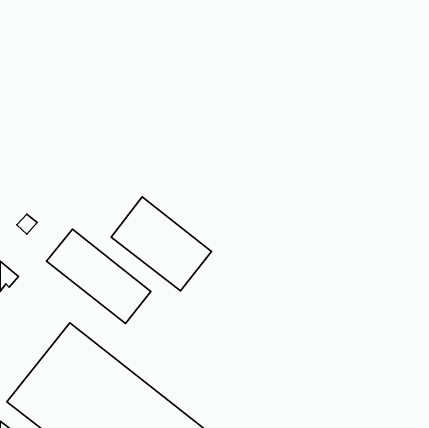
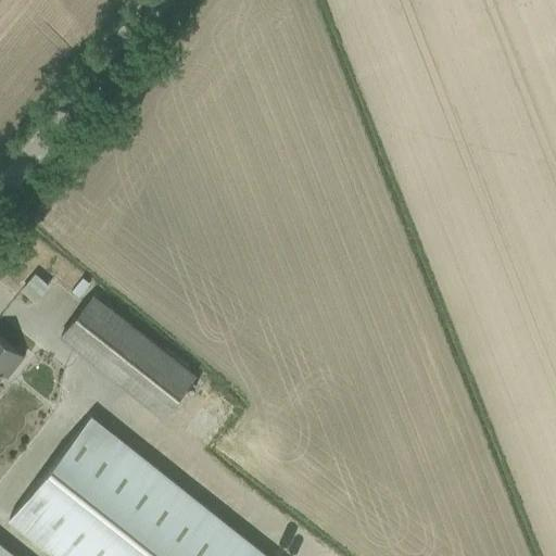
building: [111,197,211,291] -> none

